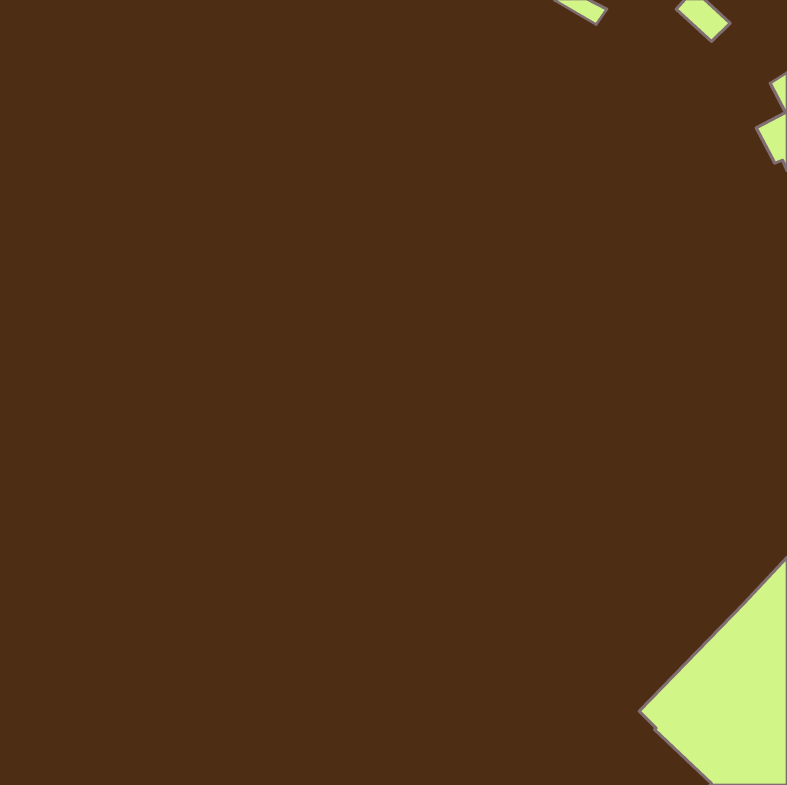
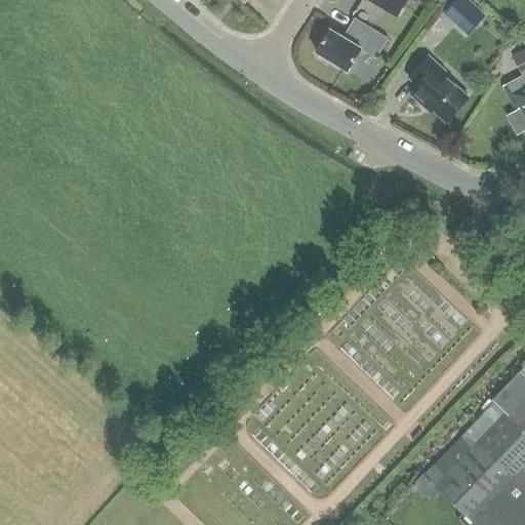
building: none -> [316,18,388,72]
building: none -> [410,56,469,122]

